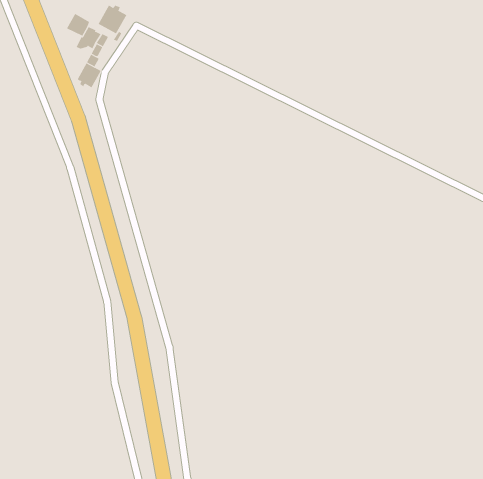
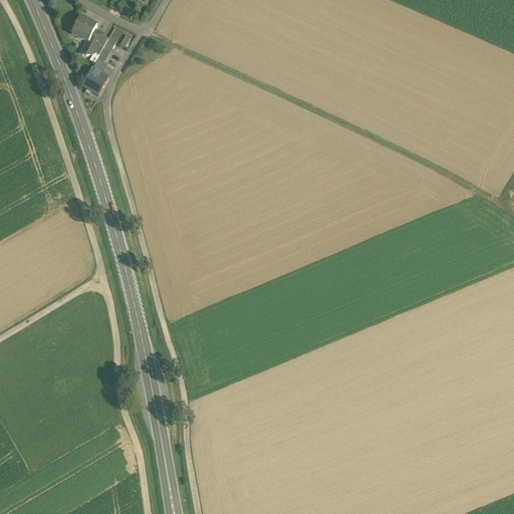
building: [98,5,127,34] -> none

